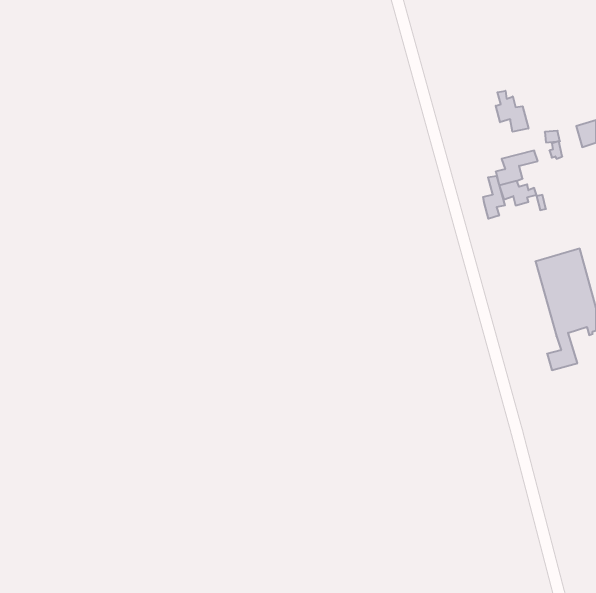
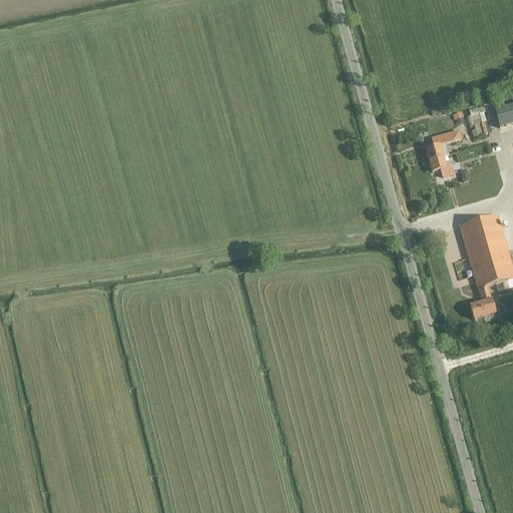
building: [496,91,528,132] -> none
building: [483,176,505,219] -> none

